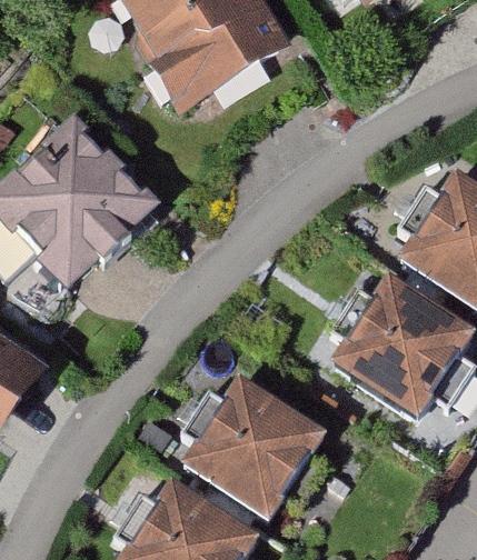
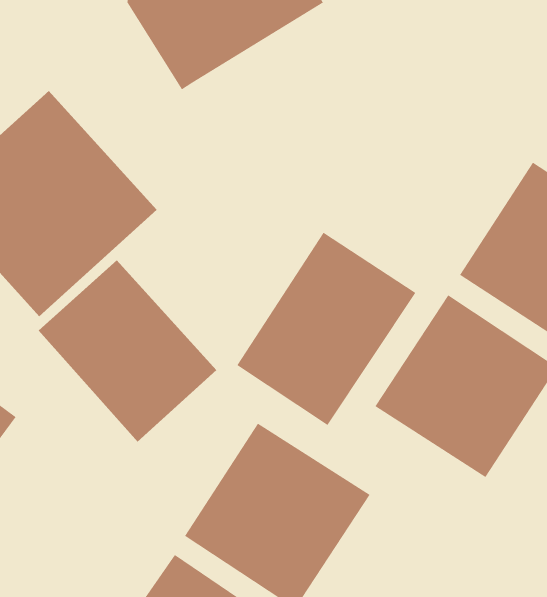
building: none -> [236,232,416,426]
building: none -> [38,260,217,443]

